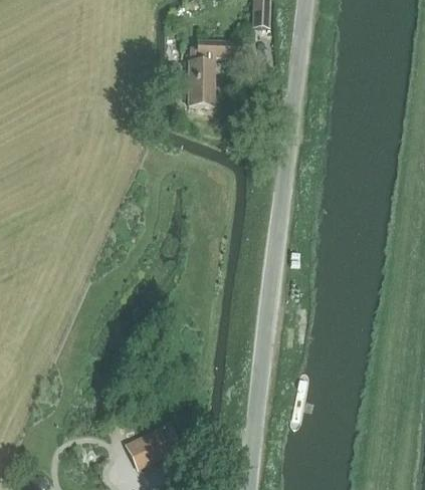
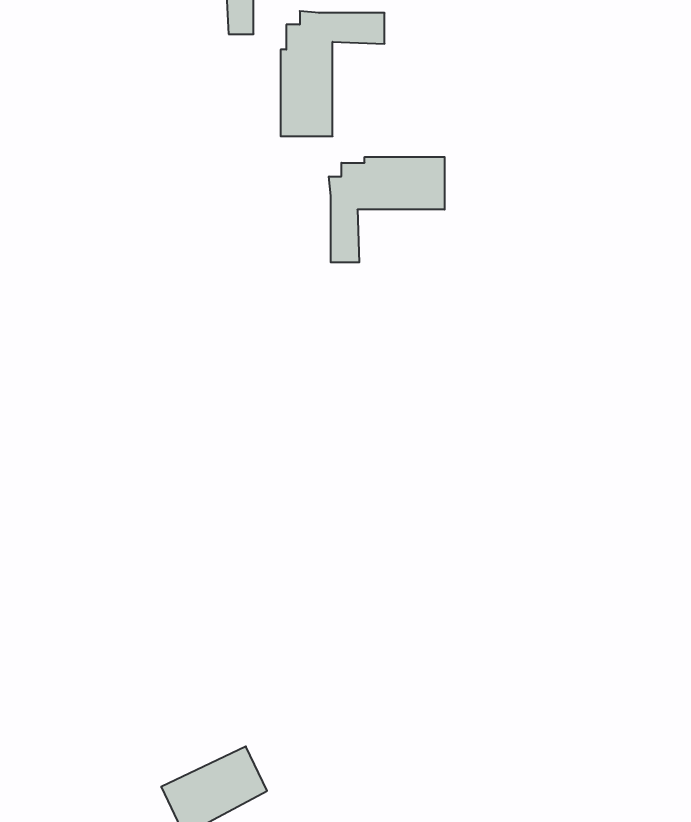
building: none -> [329,157,445,262]

